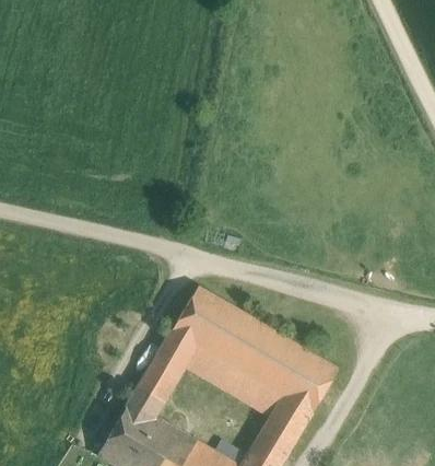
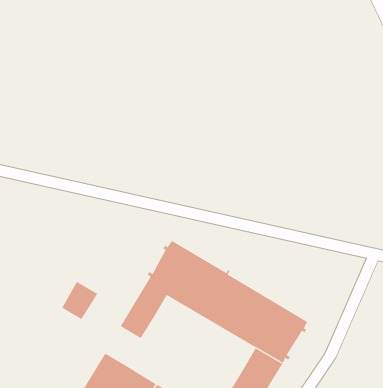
building: [183,343,283,415] -> none
building: [130,374,167,413] -> [62,281,98,320]

